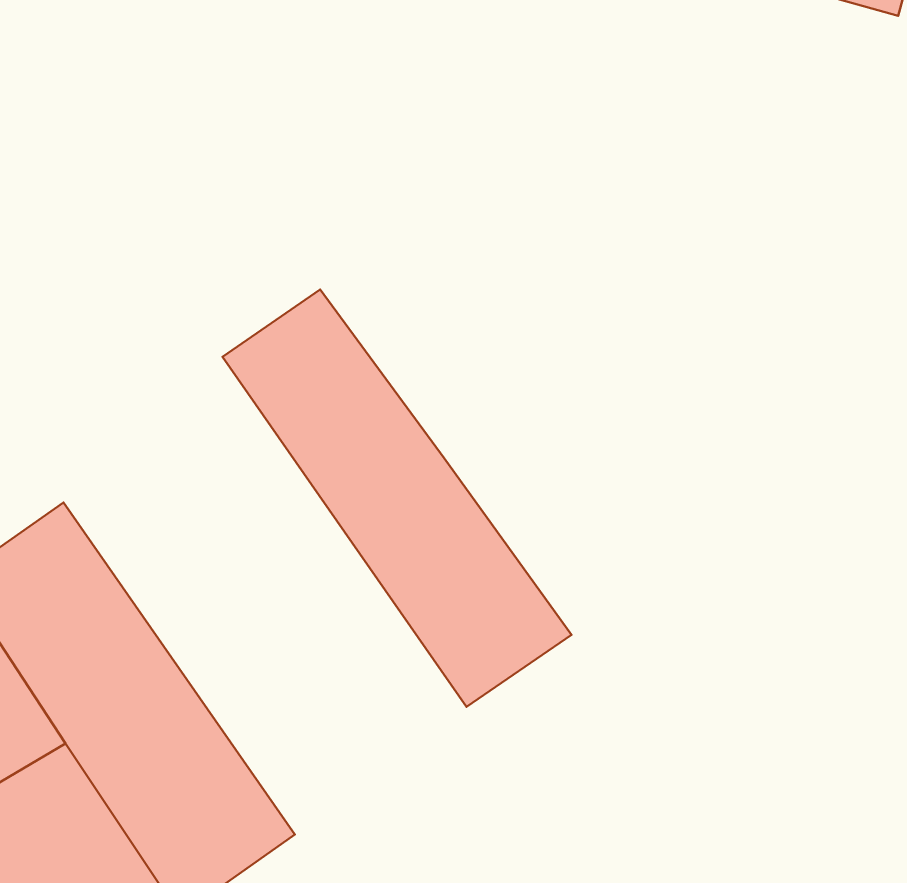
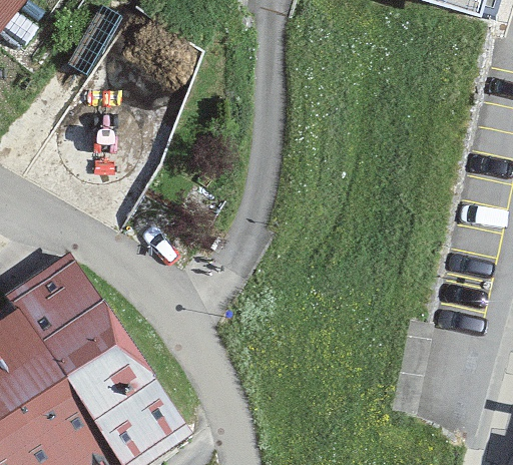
building: [223,290,572,707] -> none

